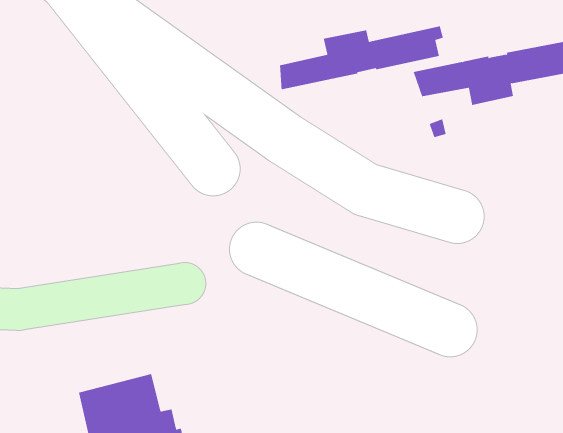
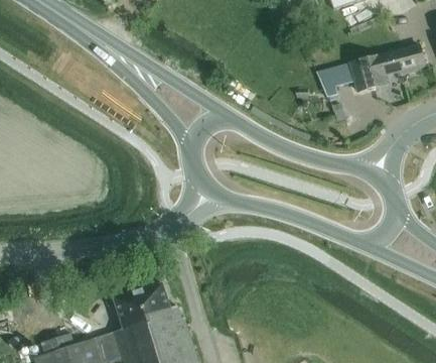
building: [280,25,444,90] -> none

